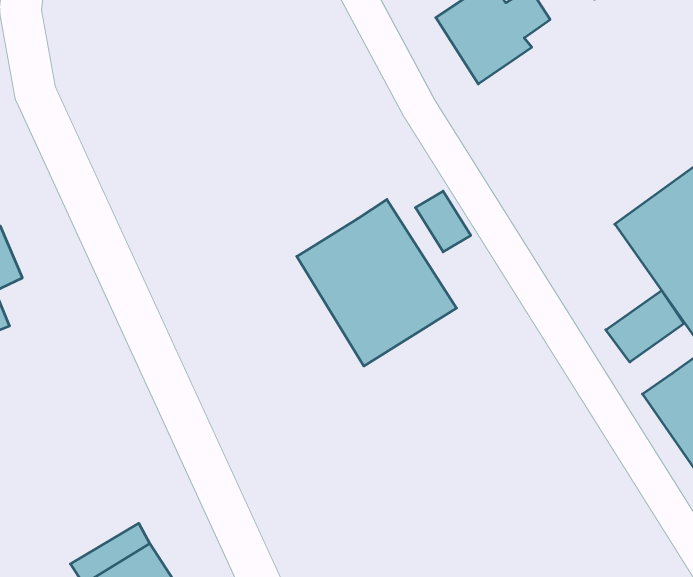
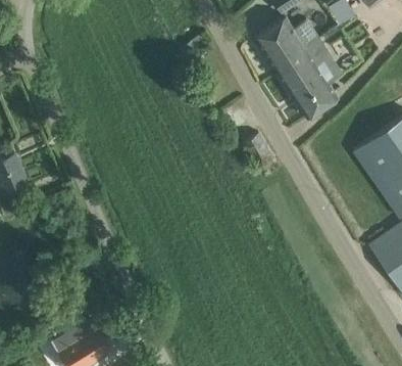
building: none -> [278,38,337,118]
building: [297,199,457,366] -> none
building: [606,291,684,362] -> none

